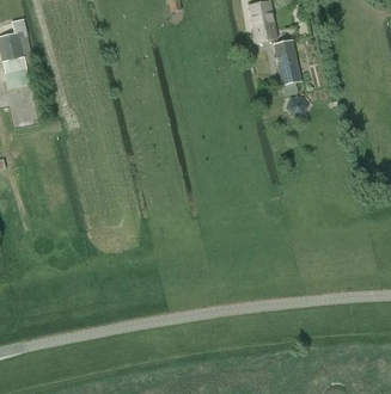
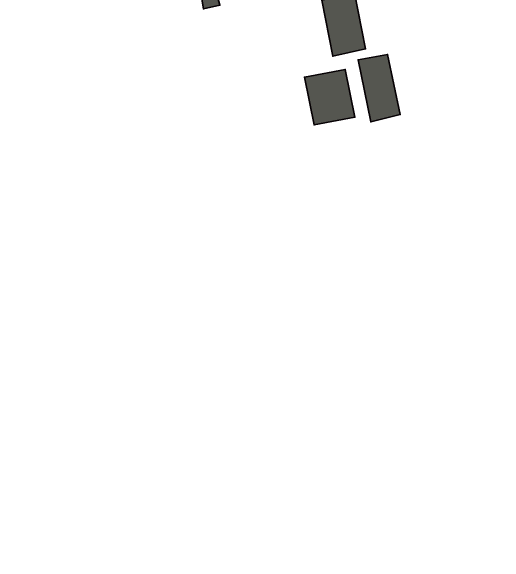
building: none -> [304,69,355,125]

